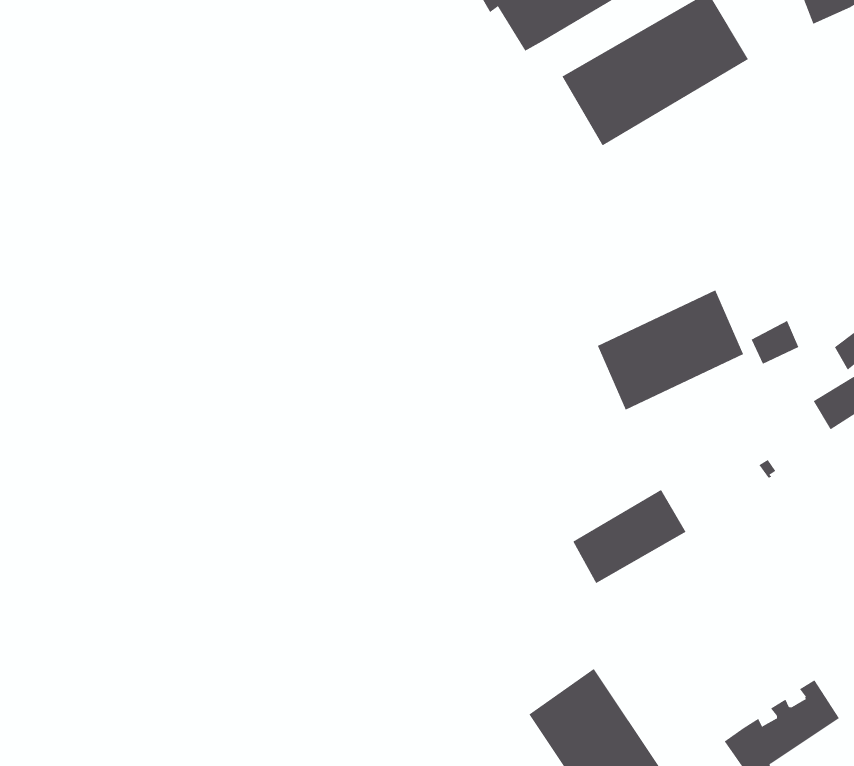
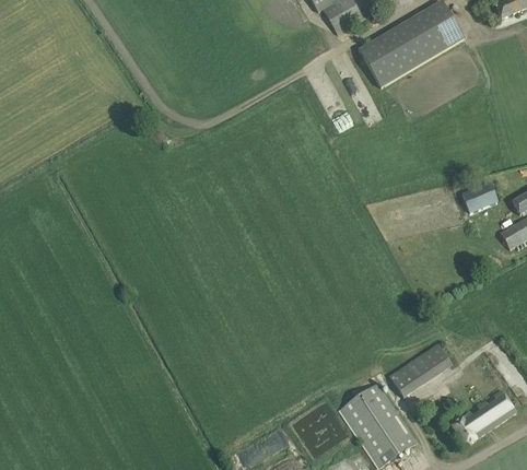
building: [597,290,744,410] -> none
building: [573,489,687,584] -> [389,343,454,397]

